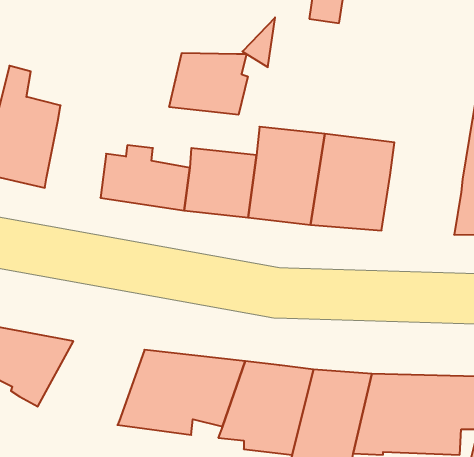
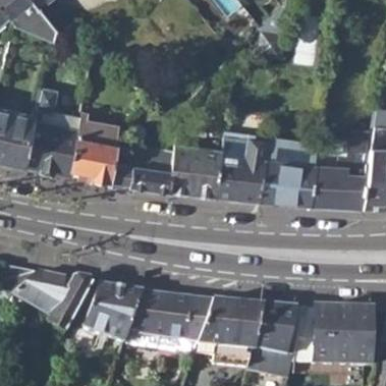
building: [169,53,248,115] -> none
building: none -> [71,126,115,181]
building: none -> [312,165,370,208]
building: none -> [84,285,142,342]

